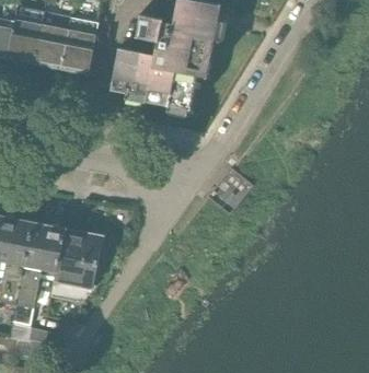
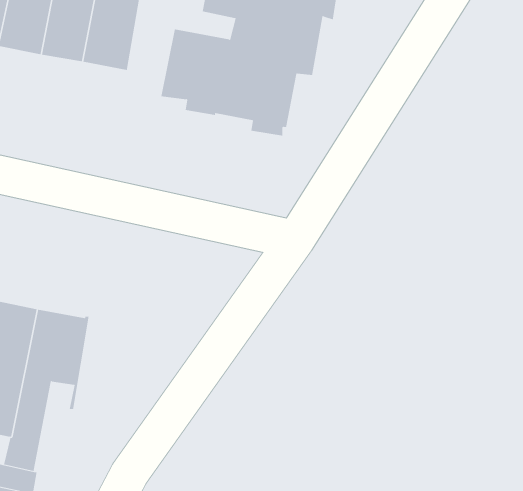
building: [55,228,105,293] -> none

